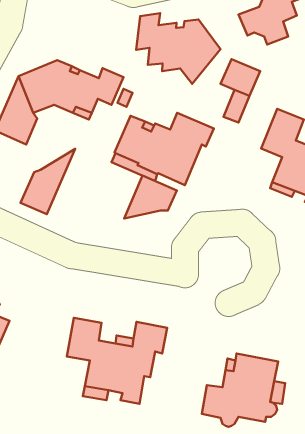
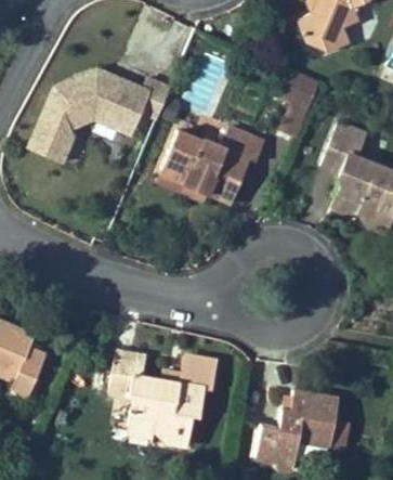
building: [136,13,221,84] -> none
building: [21,149,75,214] -> none
building: [124,176,177,219] -> none

